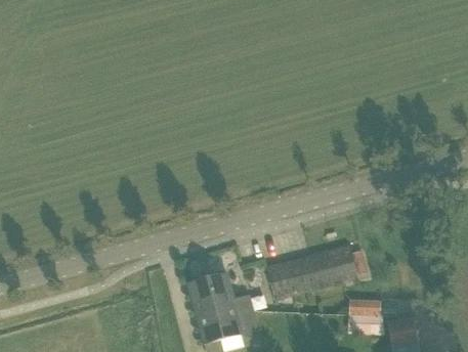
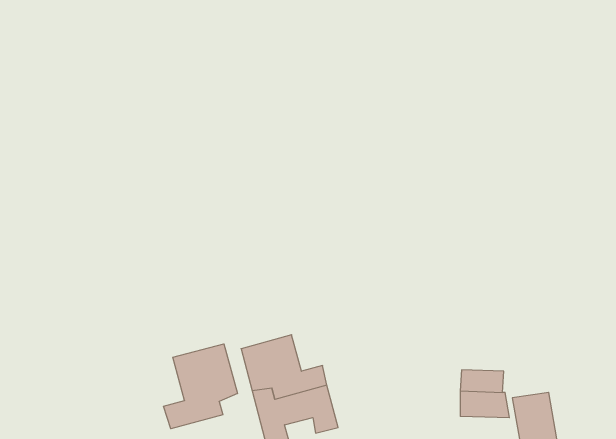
building: [266,245,367,298] -> none
building: none -> [163,344,237,429]

